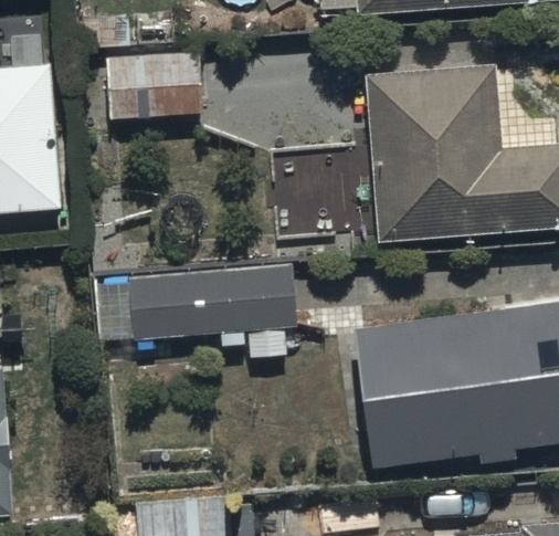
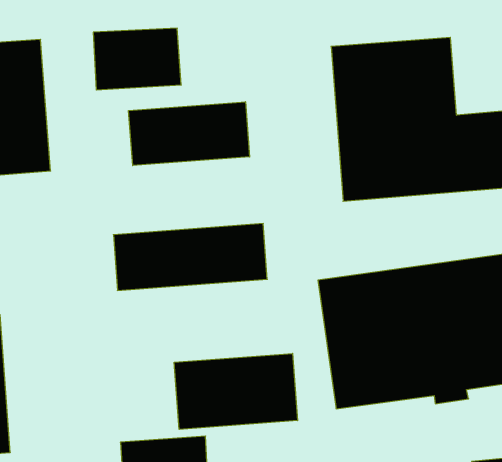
building: none -> [129,102,250,166]
building: none -> [174,353,298,429]

